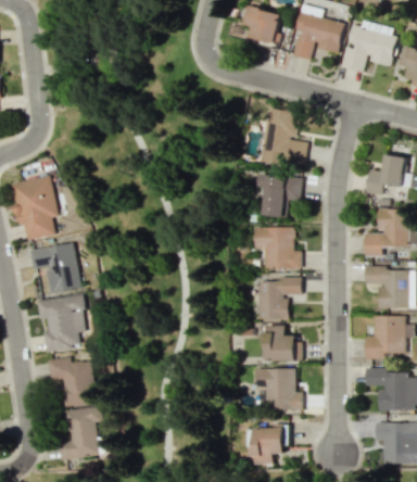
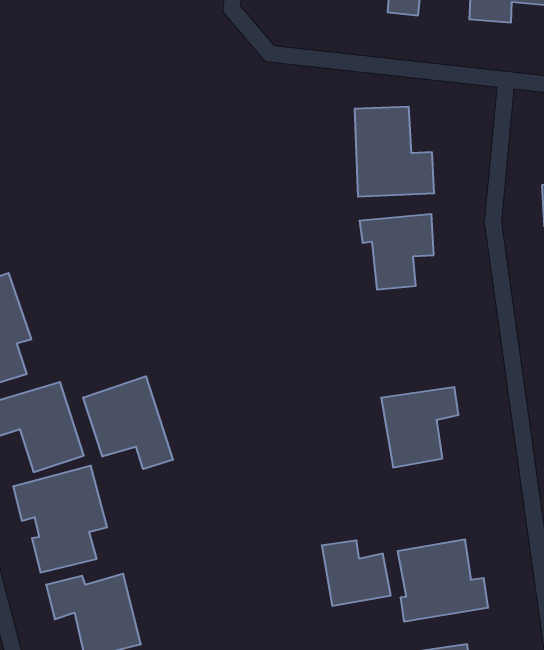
building: [253,227,300,269] -> none
building: none -> [83,376,173,469]
building: [263,326,299,362] -> [322,540,391,606]

